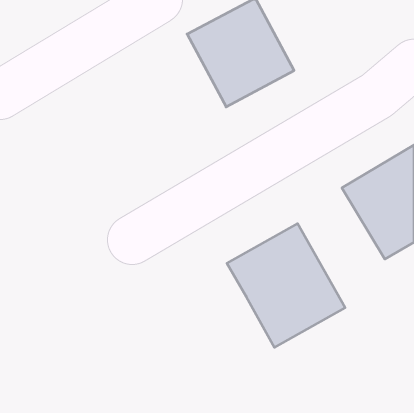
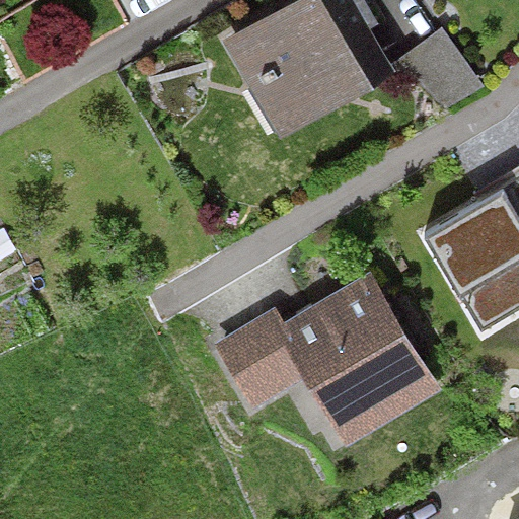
building: none -> [397,28,479,104]
building: none -> [224,315,308,401]

